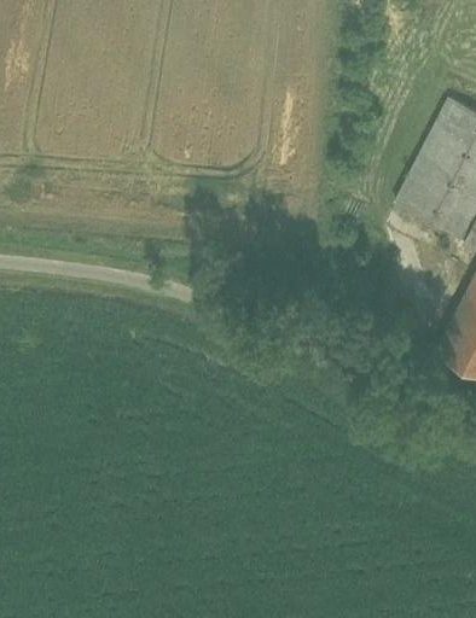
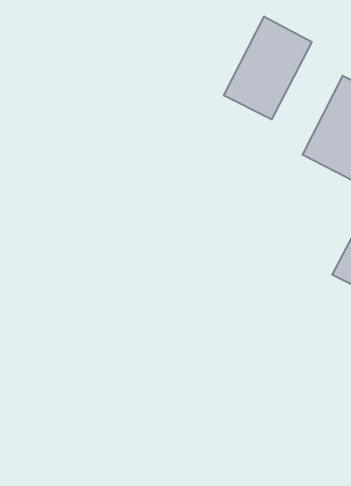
building: none -> [224,16,312,119]

